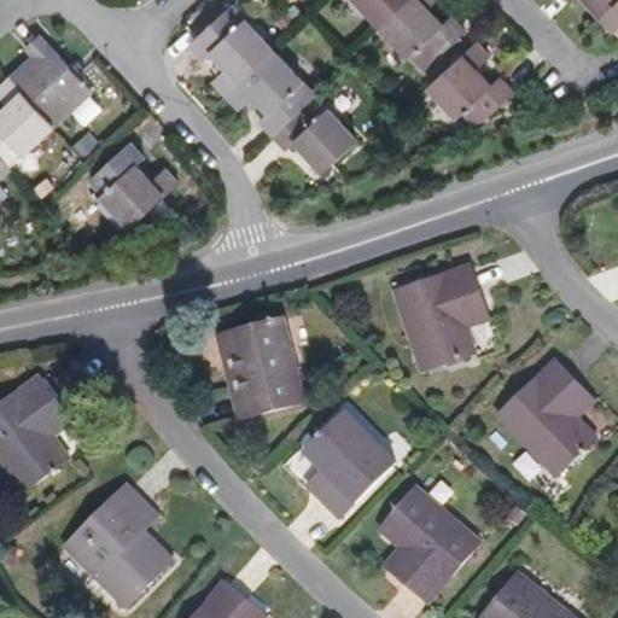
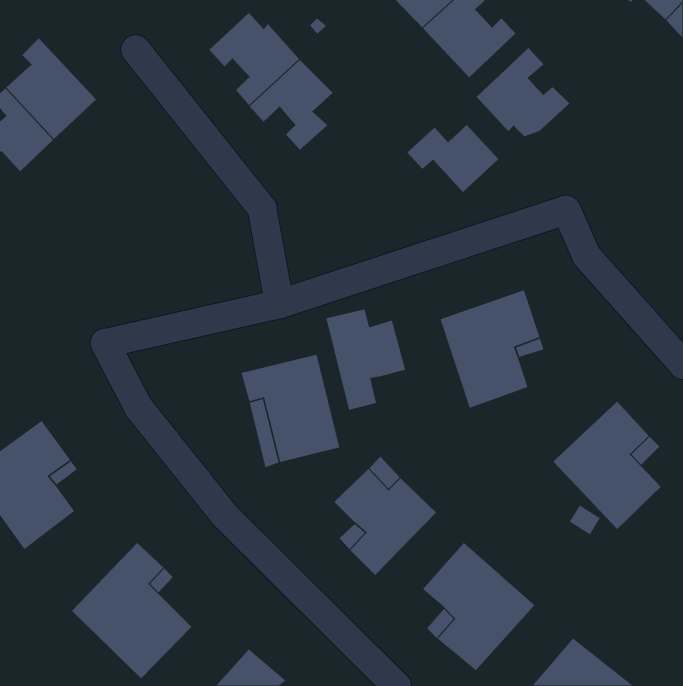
building: [269,110,352,171] -> [406,124,499,193]
building: [104,140,180,225] -> none
building: none -> [326,308,406,411]

